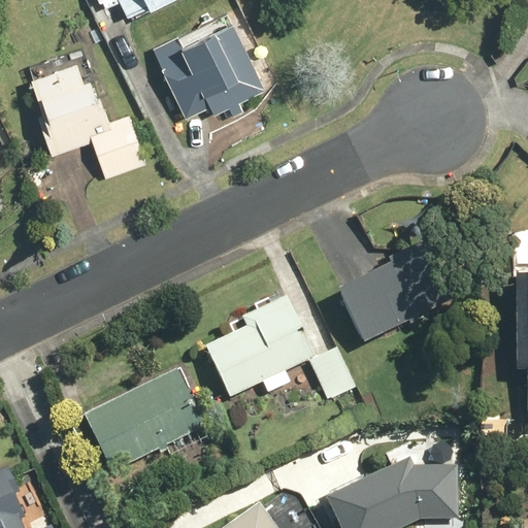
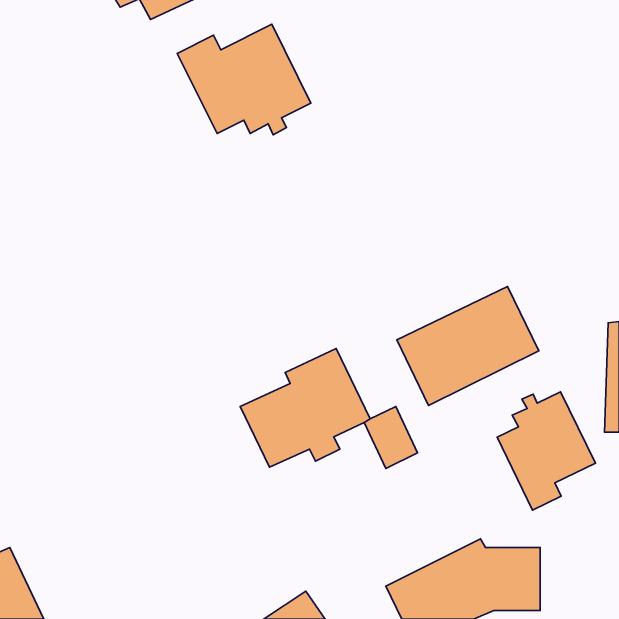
building: [26,61,145,175] -> none
building: none -> [497,392,595,510]
building: [85,367,207,472] -> none

